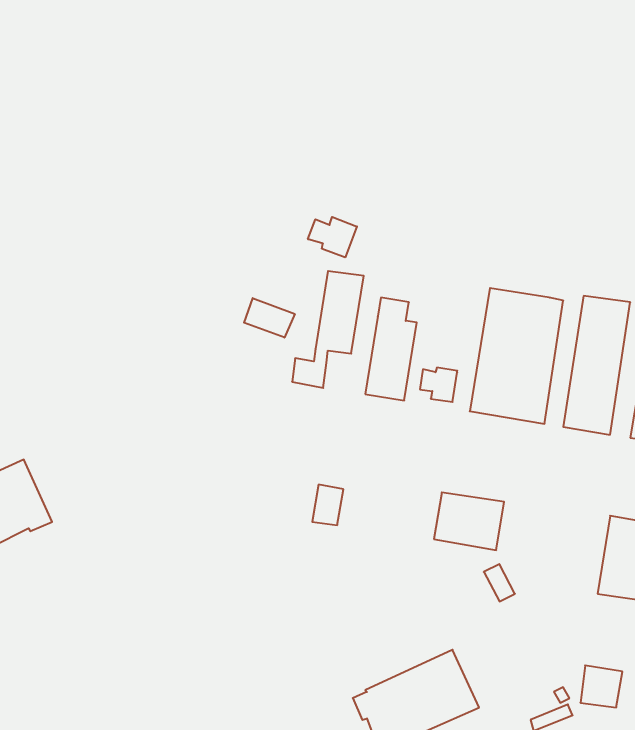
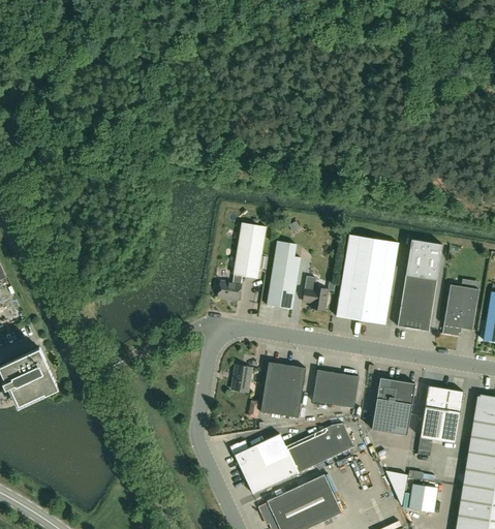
building: [308,217,357,257] -> none
building: [244,298,295,338] -> none
building: none -> [260,362,306,417]
building: none -> [372,378,415,435]
building: none -> [234,424,354,494]

